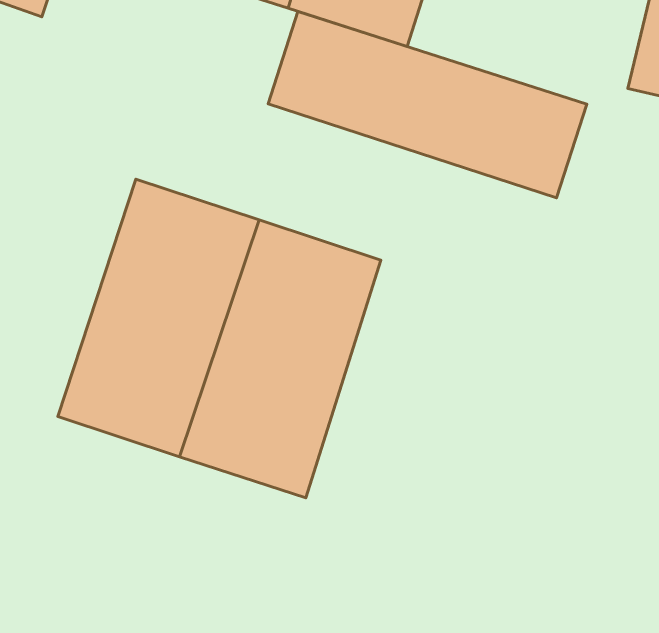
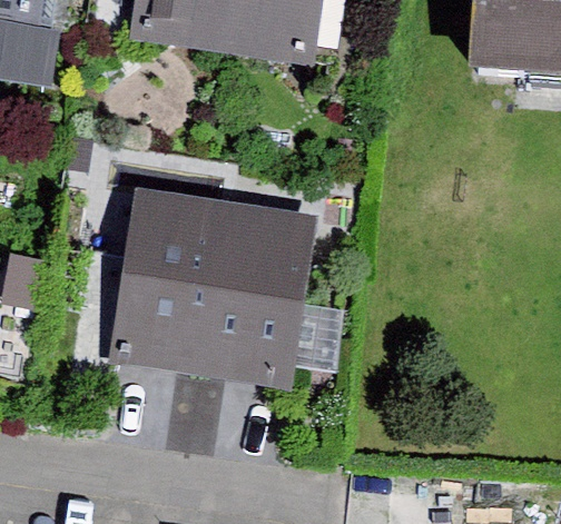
building: [268,11,587,198] -> none

